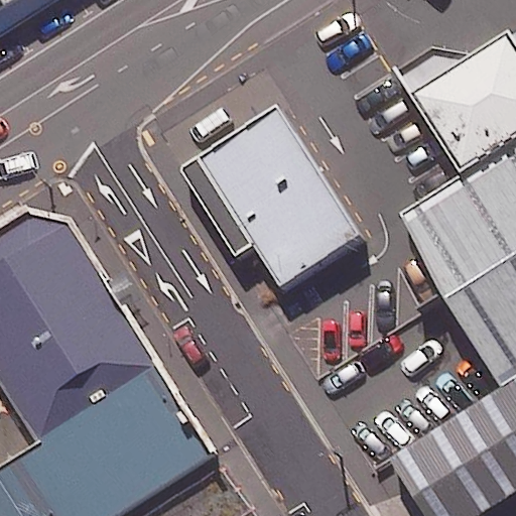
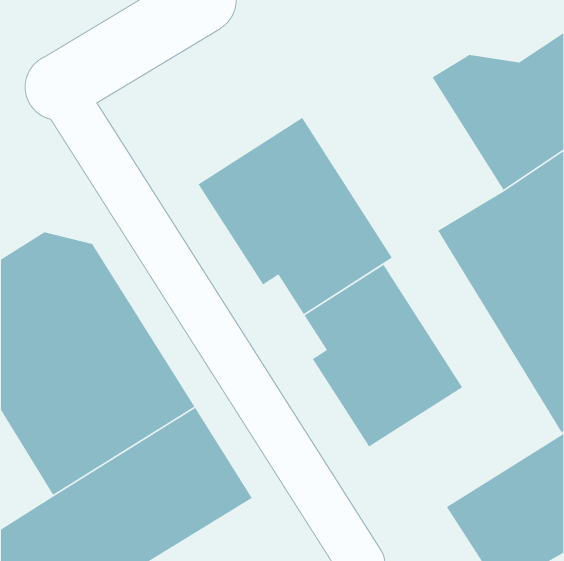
building: none -> [303,264,463,448]

